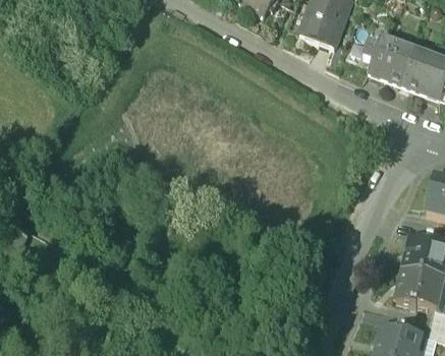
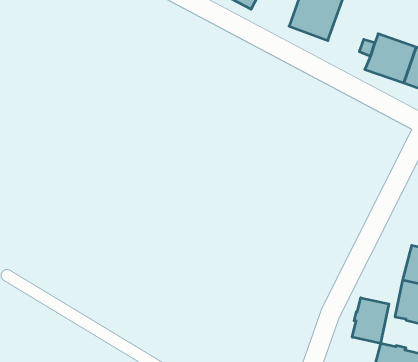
building: none -> [352,298,389,343]

